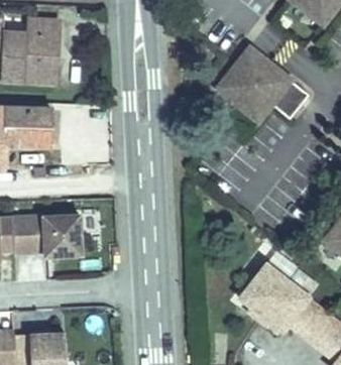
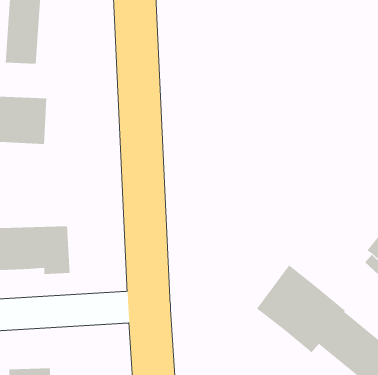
building: [215,48,306,120] -> none

